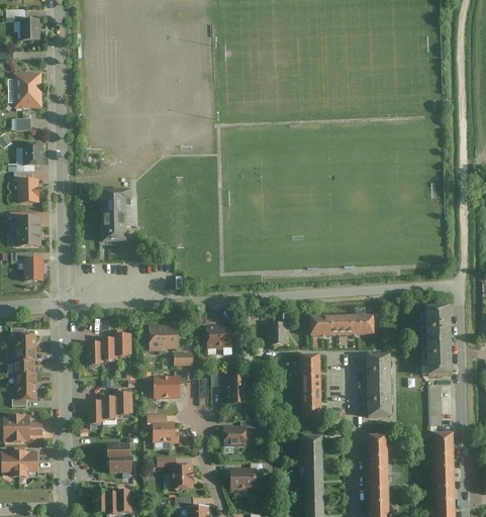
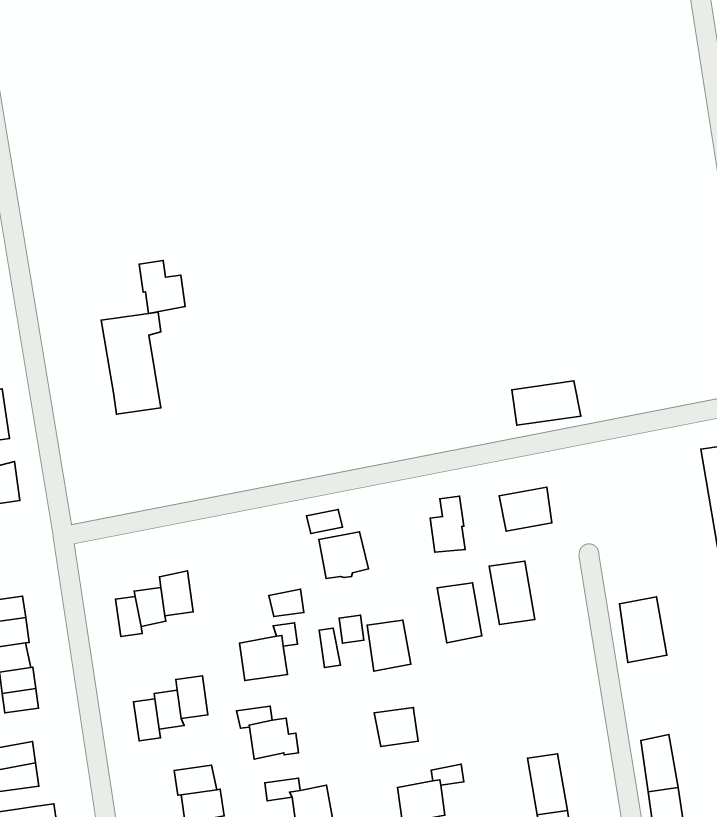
building: none -> [139,261,185,314]
building: [337,315,374,335] -> [512,381,581,425]
building: [149,325,177,350] -> none
building: [368,354,390,386] -> none
building: [300,388,321,419] -> [437,583,482,643]
building: [369,434,386,463] -> none
building: [304,436,322,464] -> none

